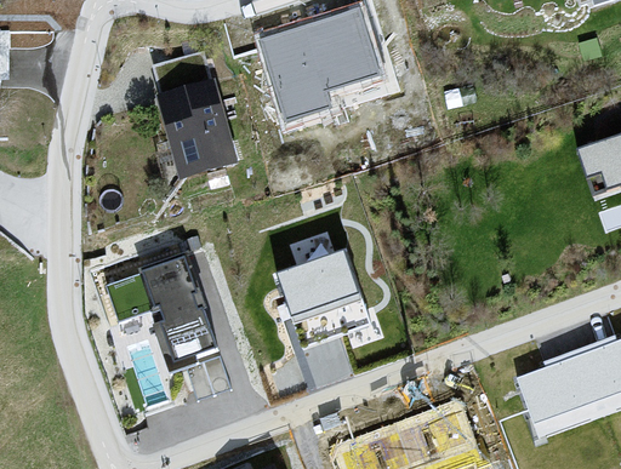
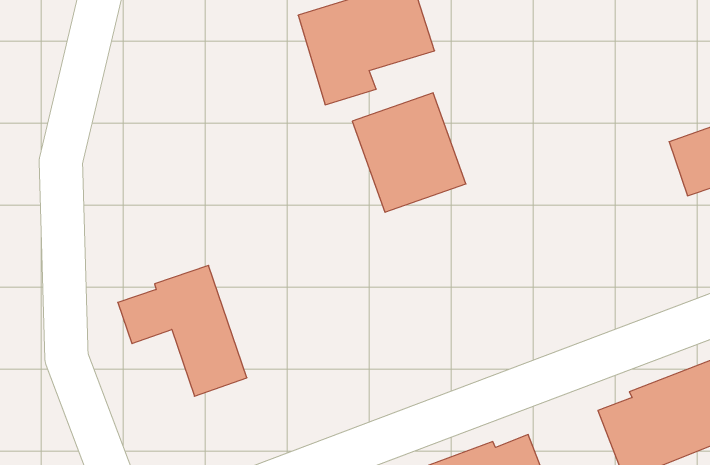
building: [153,51,235,175] -> none
building: [275,247,372,349] -> [352,93,466,212]

